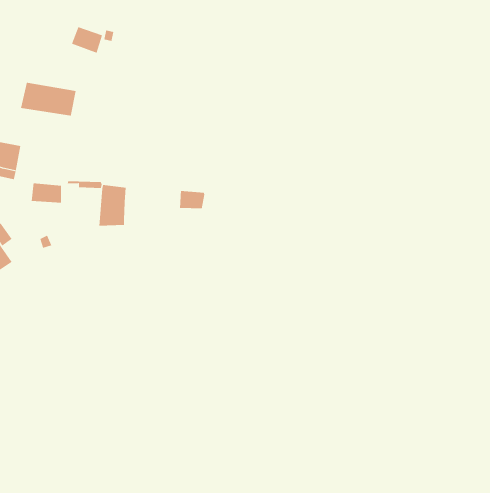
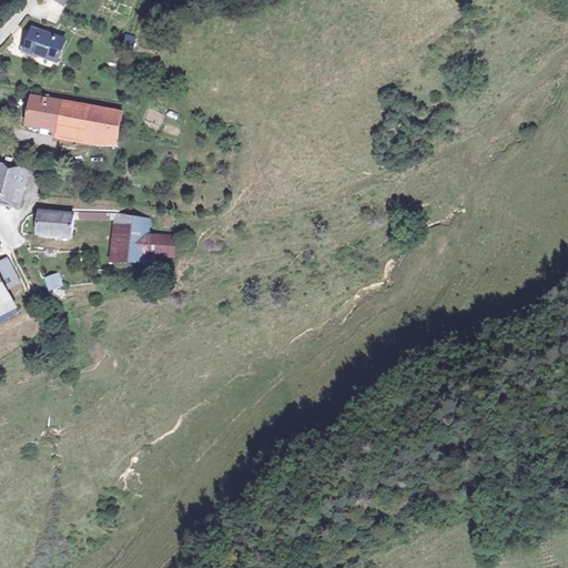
building: [71,27,103,54] -> [16,27,52,58]
building: none -> [82,105,120,139]
building: [179,191,205,209] -> [143,233,173,254]

